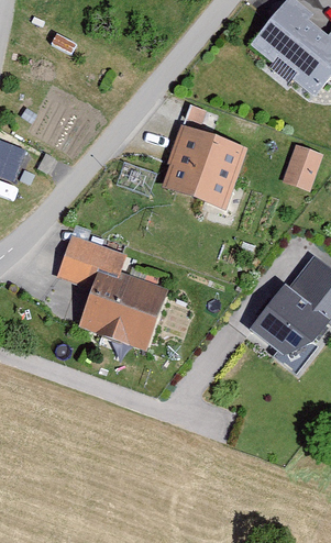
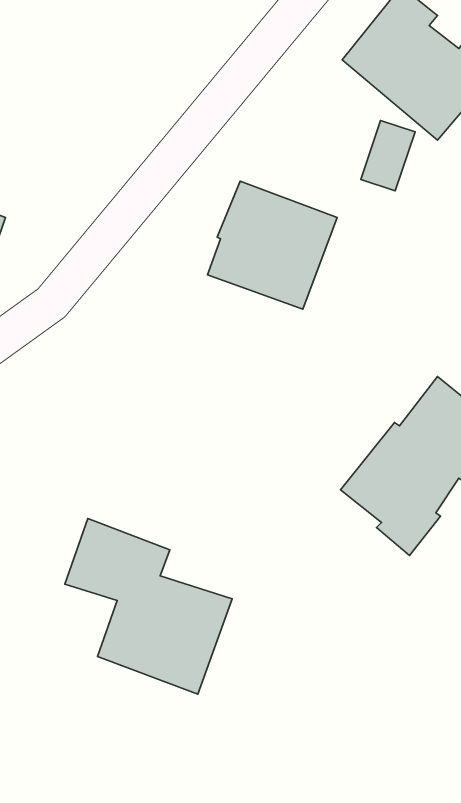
building: [284,142,320,189] -> [361,120,415,191]
building: [56,232,168,350] -> [65,519,232,694]

